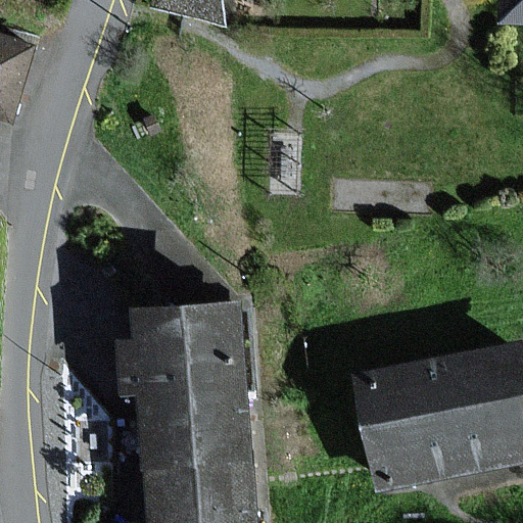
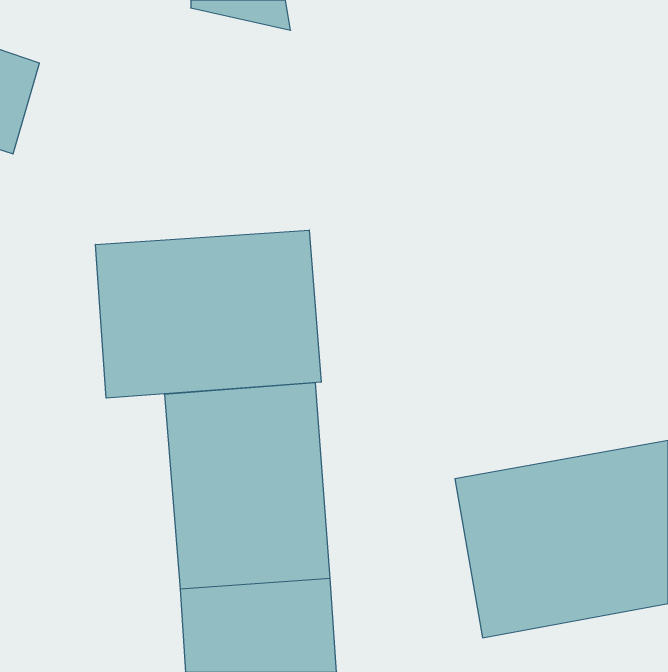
building: none -> [96,230,321,398]

